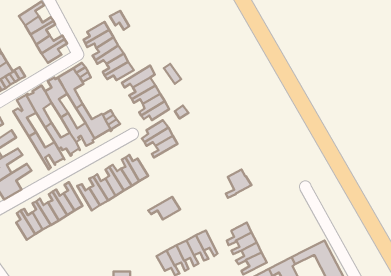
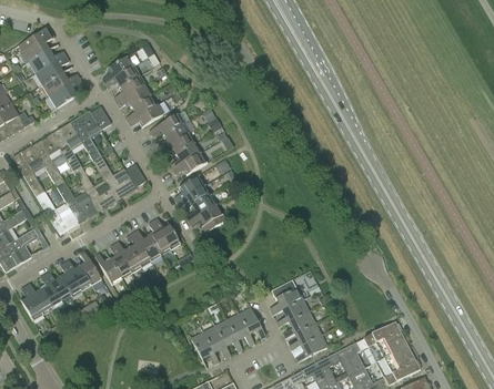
building: [226,170,251,198] -> [270,280,301,315]
building: [148,197,180,219] -> [188,204,226,232]

